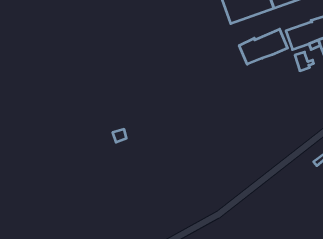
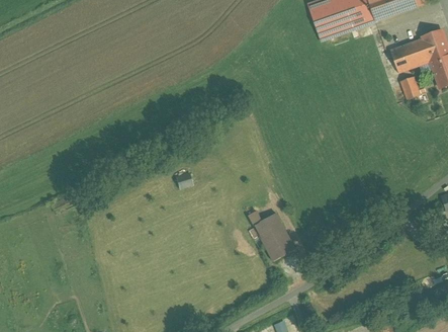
building: [239,29,288,64] -> none
building: none -> [254,213,295,261]

